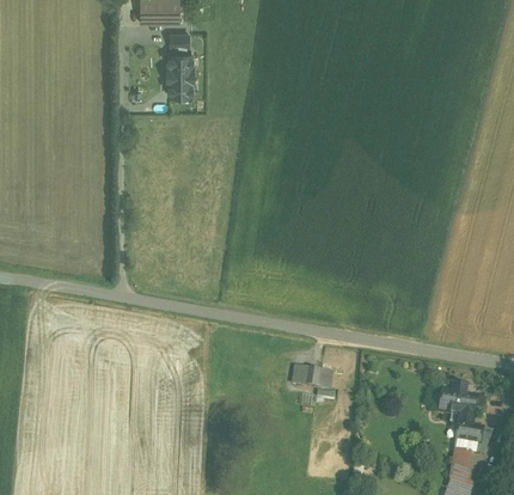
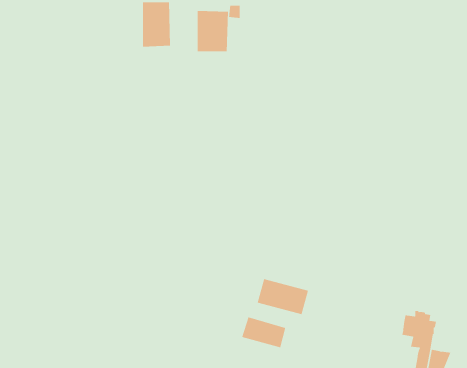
building: none -> [197,10,228,52]
building: none -> [242,317,286,348]

